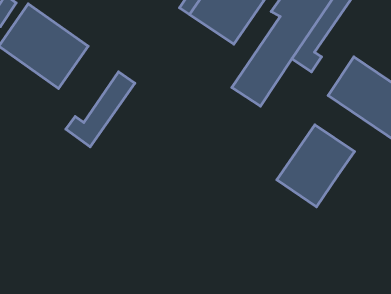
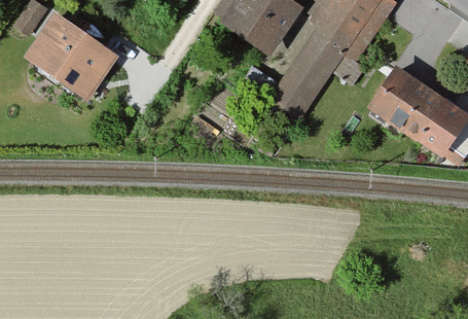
building: [66,72,135,147] -> none
building: [277,125,355,207] -> none

